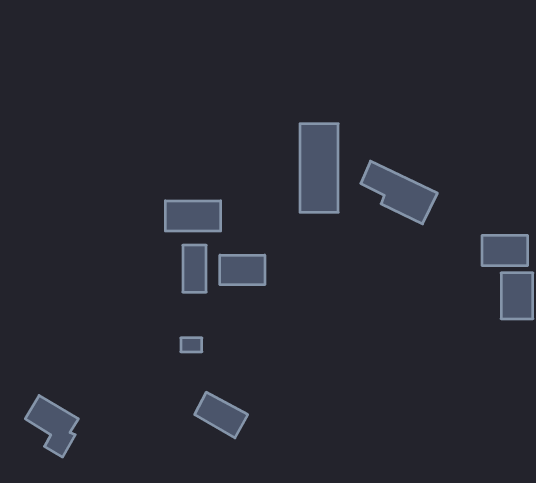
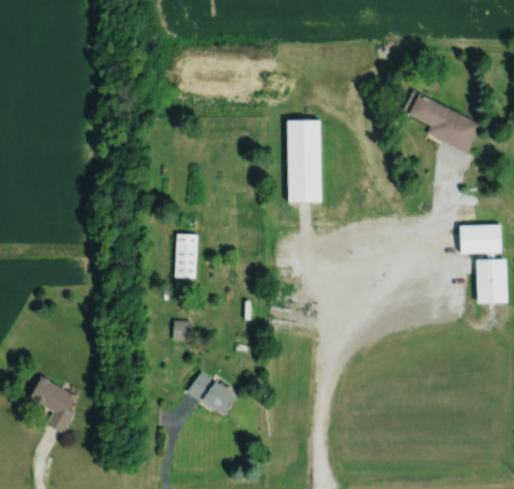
building: [361,161,437,224] -> [408,93,480,153]
building: [165,201,221,231] -> none
building: [220,255,265,285] -> none

